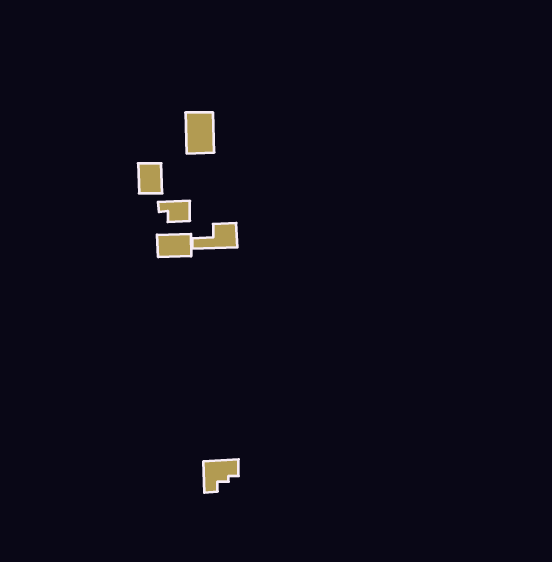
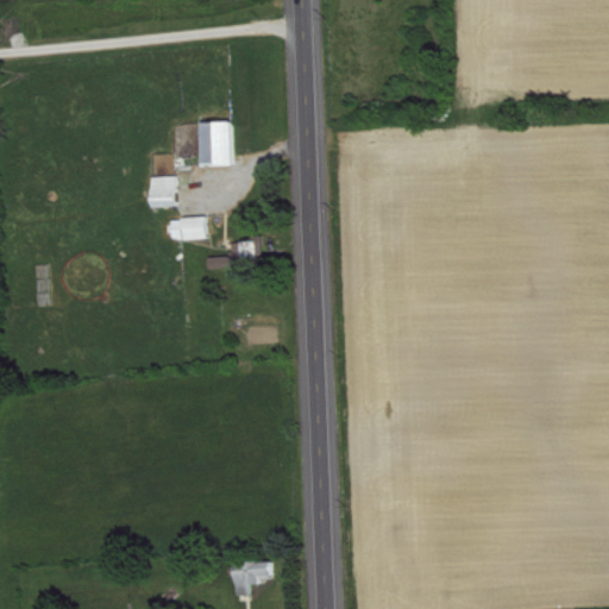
building: [157,234,191,257] -> none
building: [203,459,239,493] -> [232,560,270,596]

